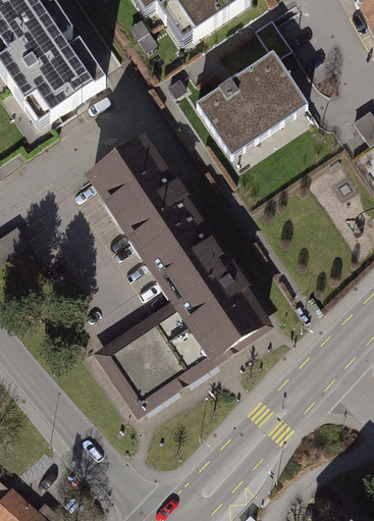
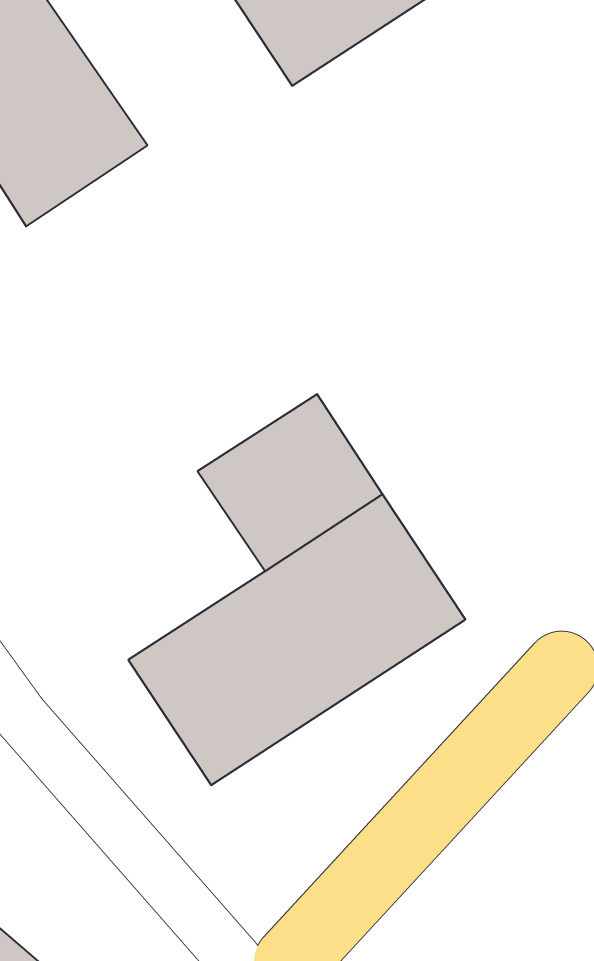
building: [197,50,310,156] -> none
building: [87,140,195,251] -> none

